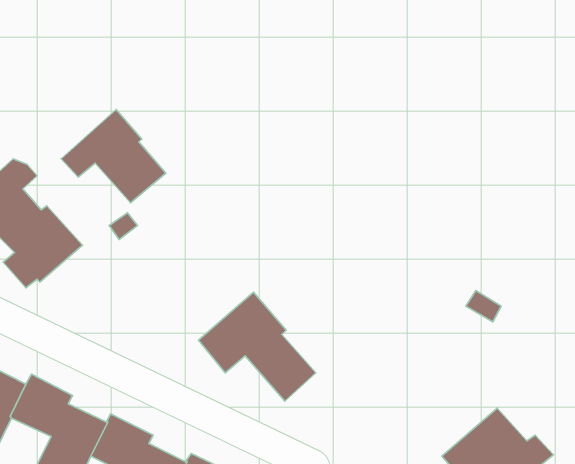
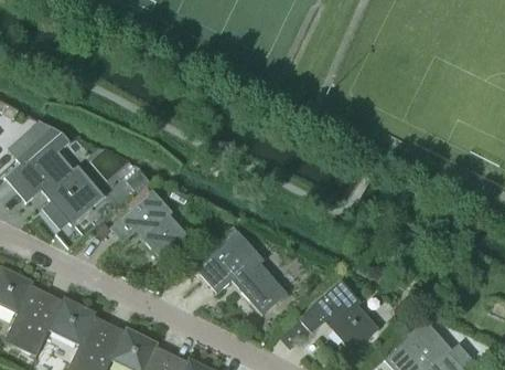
building: [61,109,166,203] -> [109,190,191,263]
building: none -> [298,282,378,355]

